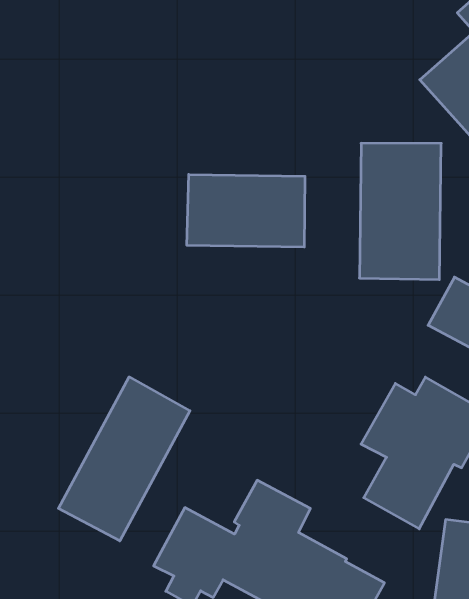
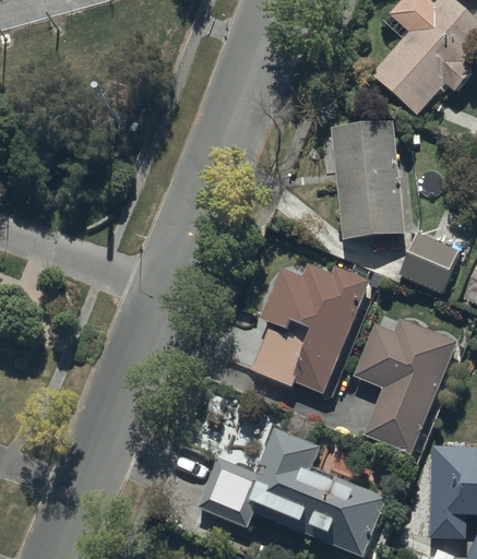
building: [187,174,305,247] -> none
building: none -> [251,260,369,381]
building: [58,377,190,541] -> none

